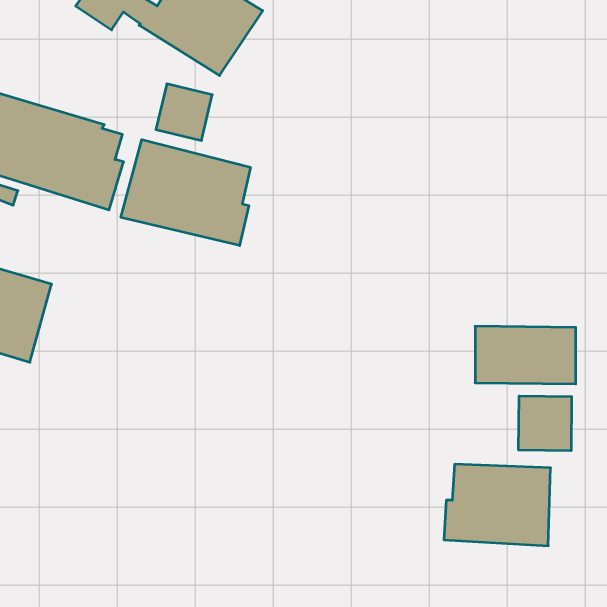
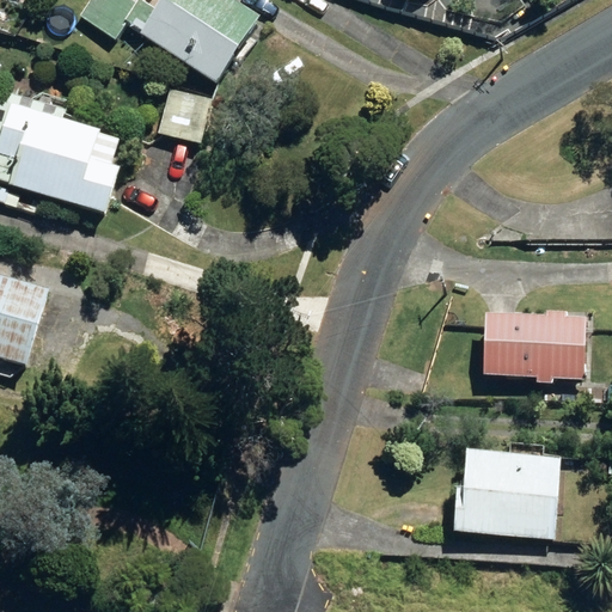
building: [121,140,250,246] -> none
building: [519,396,572,451] -> none

